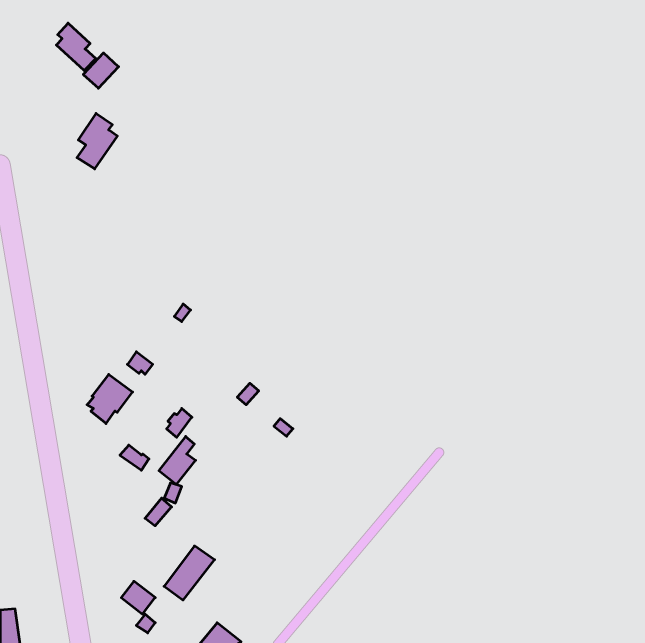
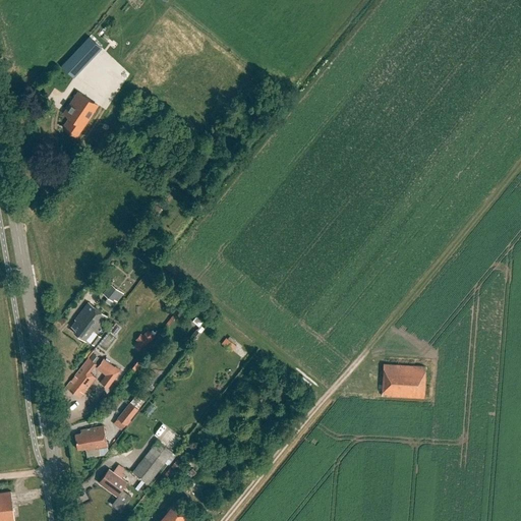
building: [56,23,96,71] -> none
building: [159,436,196,484] -> [65,359,95,398]
building: none -> [380,366,424,400]
building: none -> [74,426,107,450]

